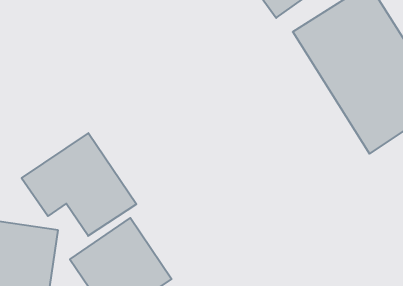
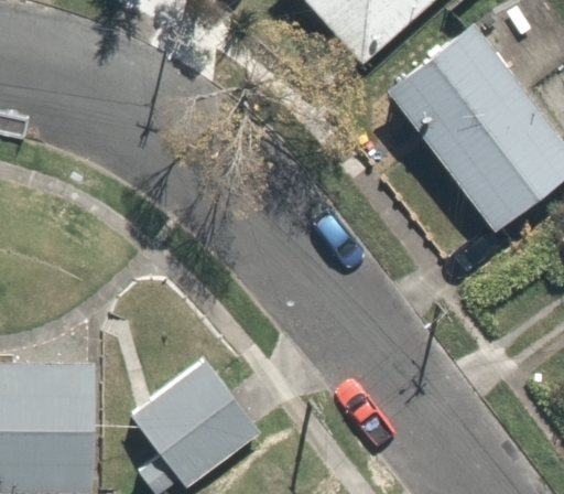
building: [22,133,136,236] -> none

